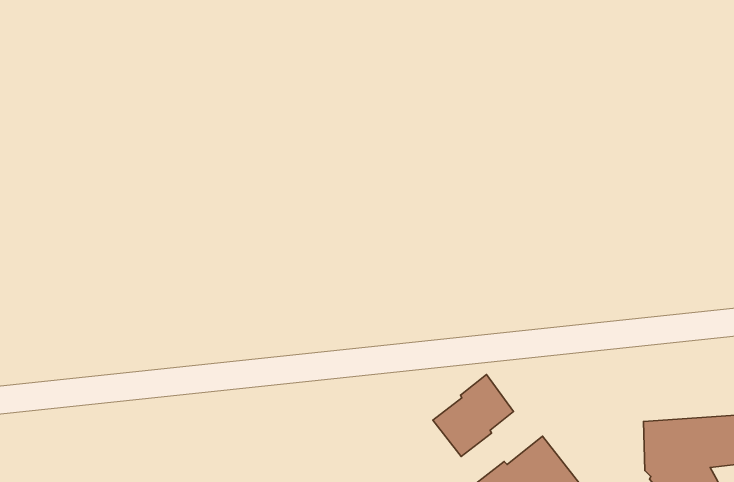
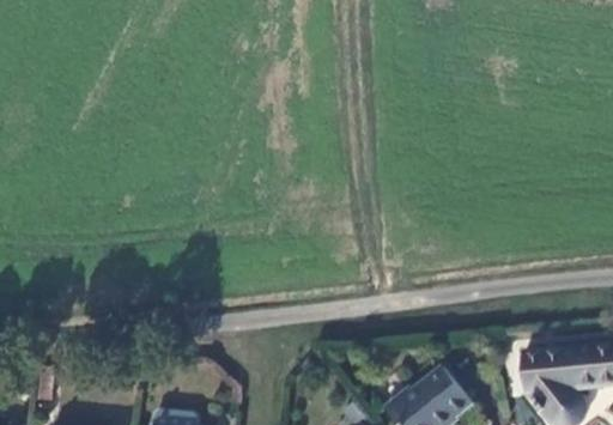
building: [433,374,513,456] -> none

